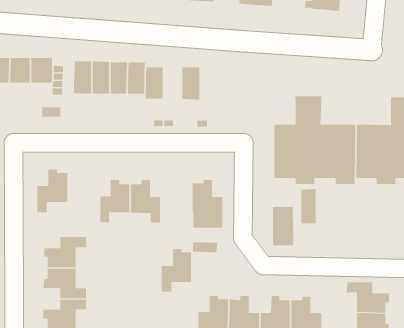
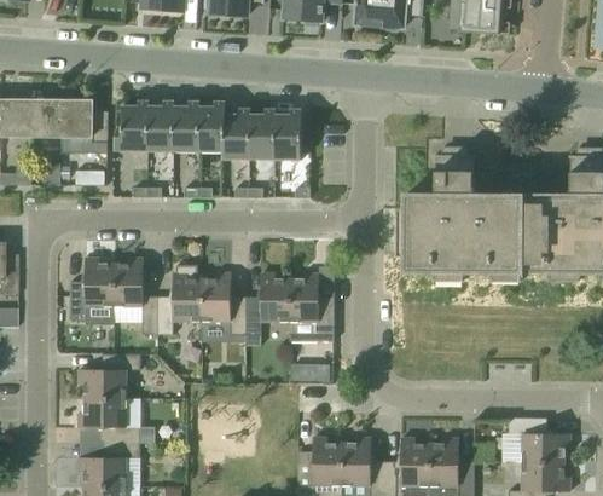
building: none -> [249,108,274,158]
building: none -> [114,258,158,334]
building: [301,185,316,224] -> none
building: [273,196,294,246] -> none
building: [161,249,192,292] -> [245,272,289,334]

